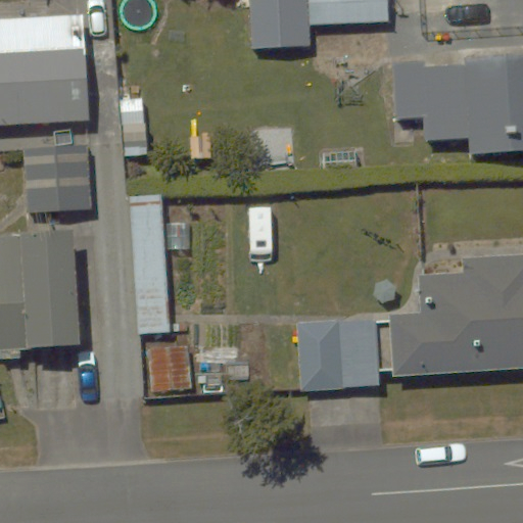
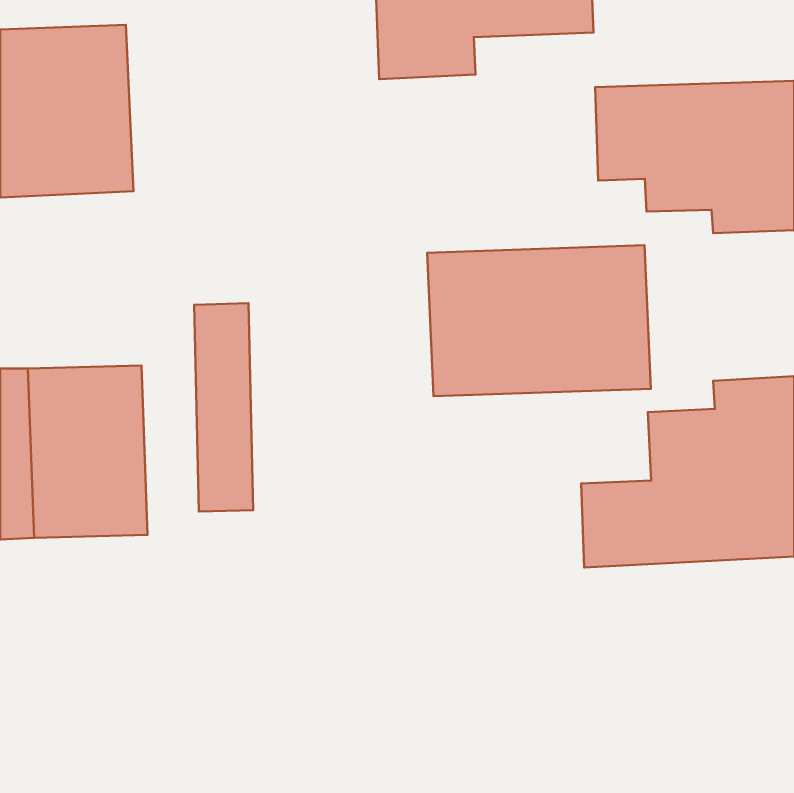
building: [22,143,94,208] -> none
building: none -> [427,245,651,396]
building: [295,318,385,392] -> none

